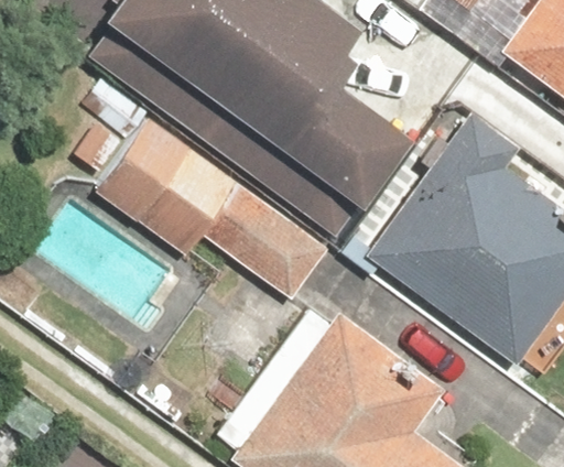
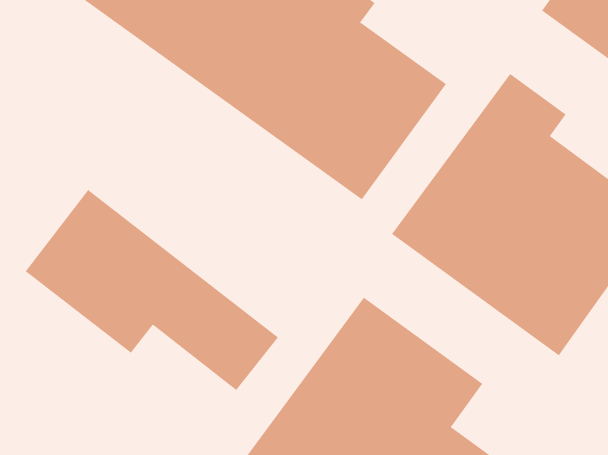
building: [95,113,326,297] -> [25,189,279,391]

